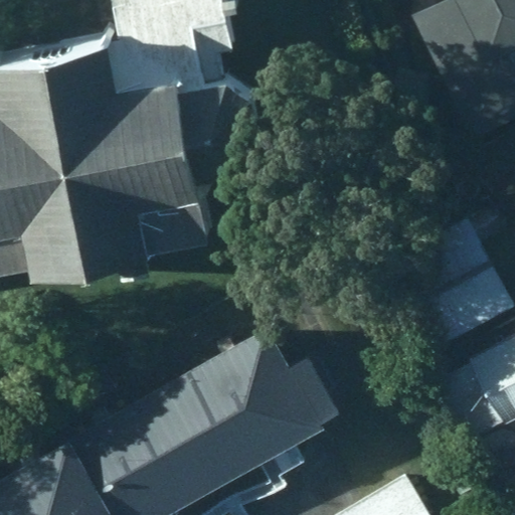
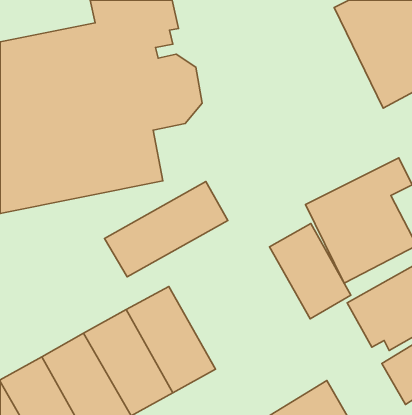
building: none -> [104,181,228,277]
building: none -> [270,224,351,319]
building: [215,327,324,458] -> none

